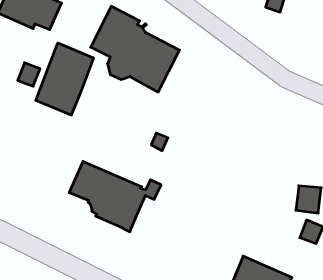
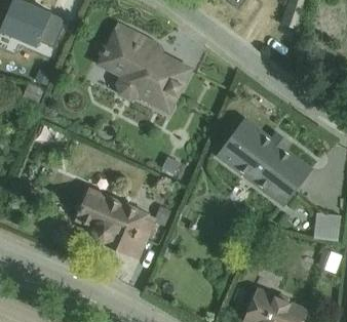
building: [36,43,93,115] -> none
building: none -> [218,120,309,205]

